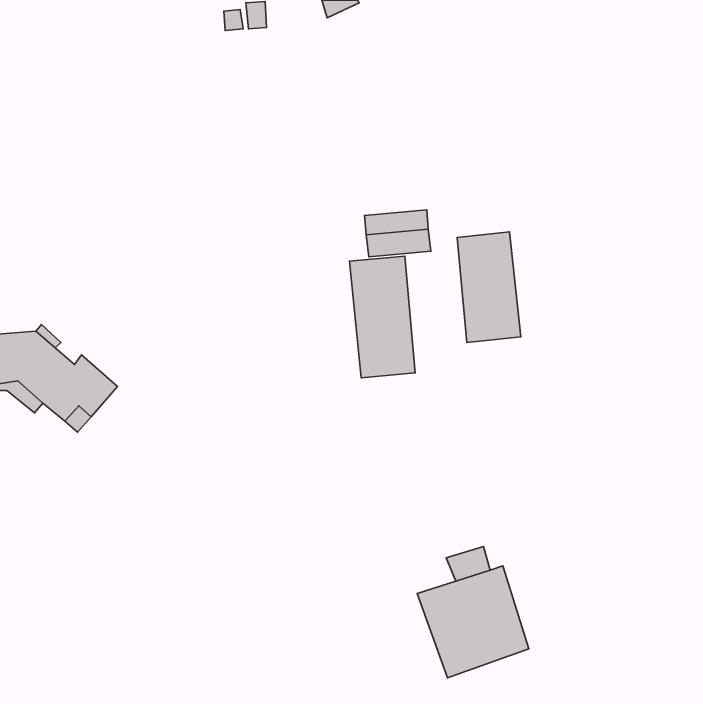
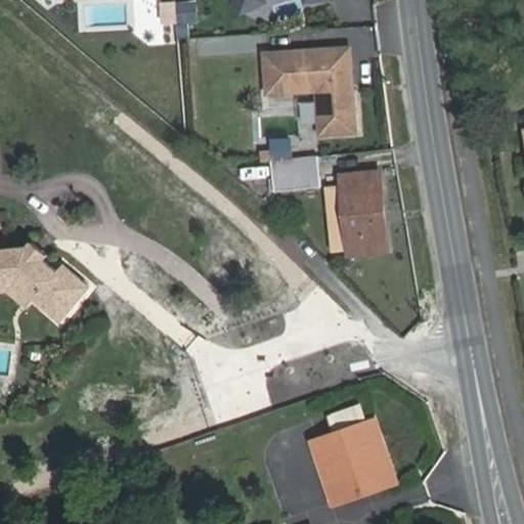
building: none -> [264,48,354,134]
building: [349,256,415,378] -> none

